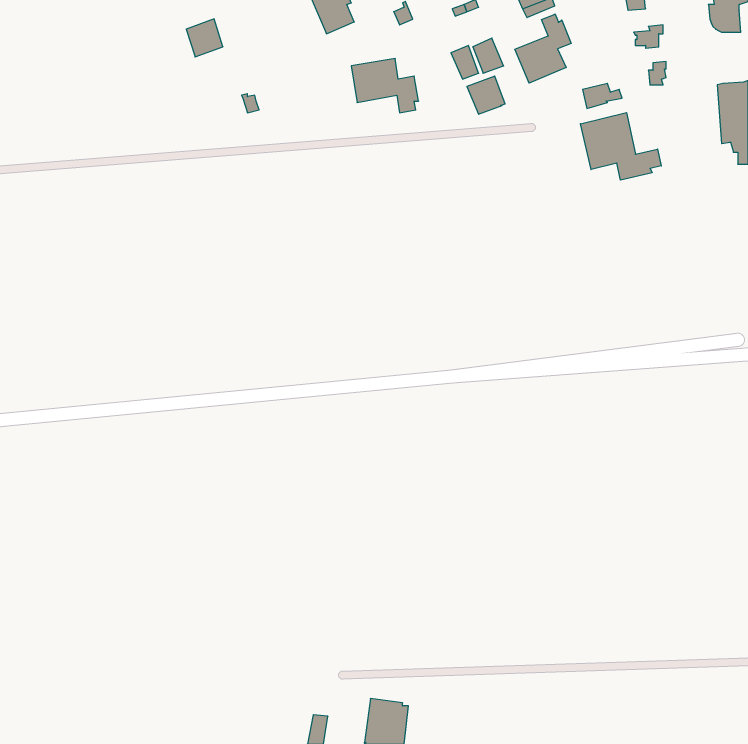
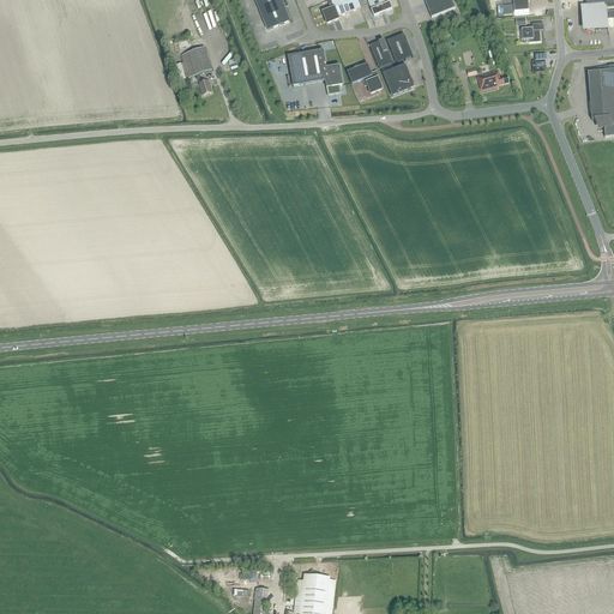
building: [515,14,571,83] -> none
building: [186,19,223,57] -> [181,44,211,76]
building: none -> [347,61,383,92]
building: [580,113,661,180] -> none

